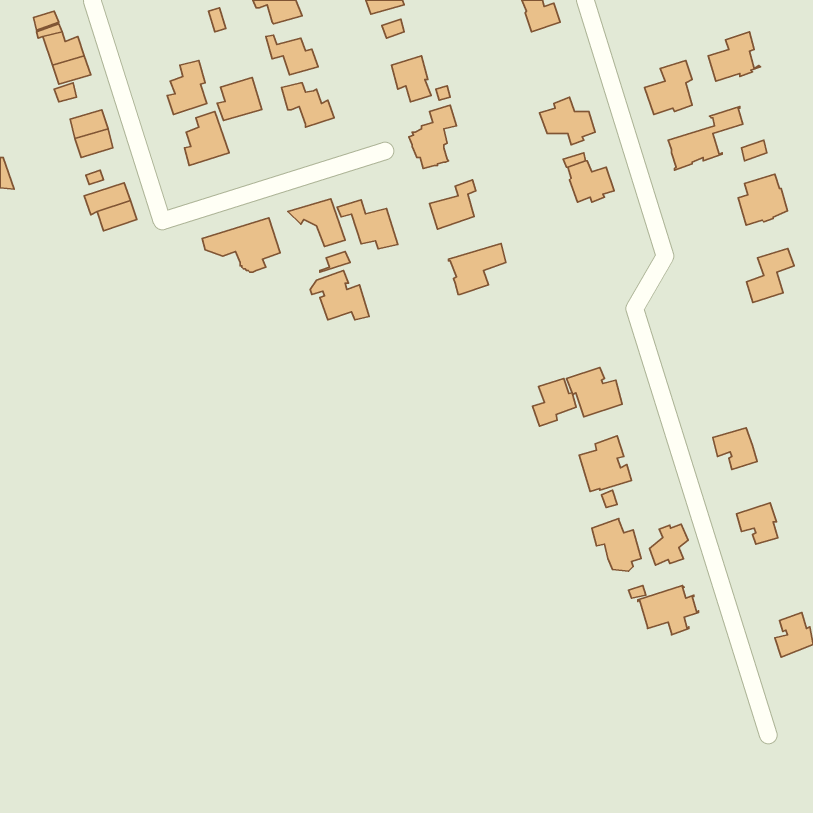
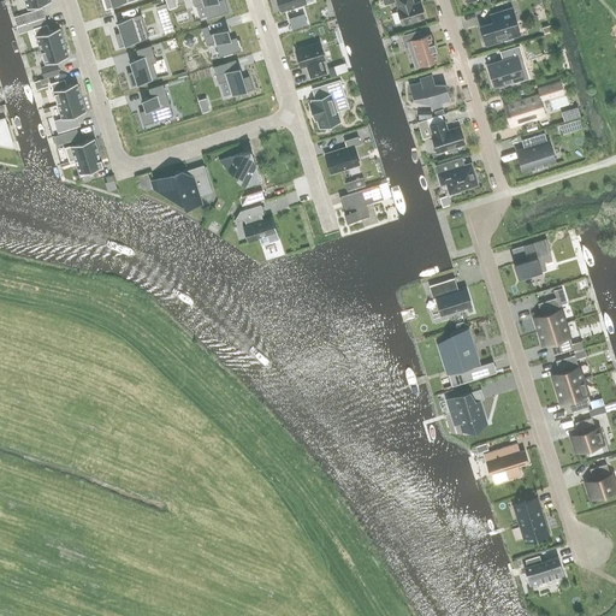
building: [708,32,761,81] -> [480,8,520,46]
building: none -> [401,30,438,66]
building: [217,78,262,121] -> [114,14,148,47]
building: [738,174,788,225] -> [516,132,553,171]
building: [337,200,398,249] -> none
building: none -> [434,160,476,195]
building: [746,248,794,302] -> [514,238,550,279]
building: [532,378,576,426] -> none
building: none -> [534,297,564,331]
building: none -> [552,356,582,389]
building: [650,524,688,565] -> none
building: none -> [571,417,603,455]
building: none -> [513,497,546,539]
building: none -> [523,556,563,586]

